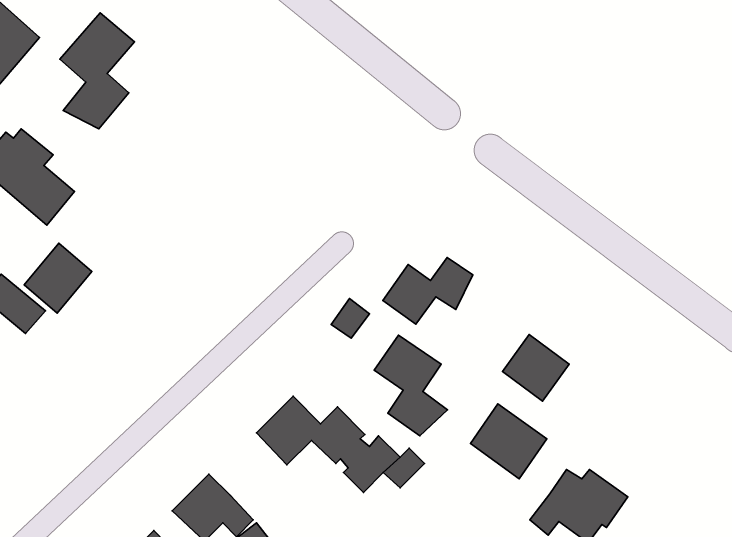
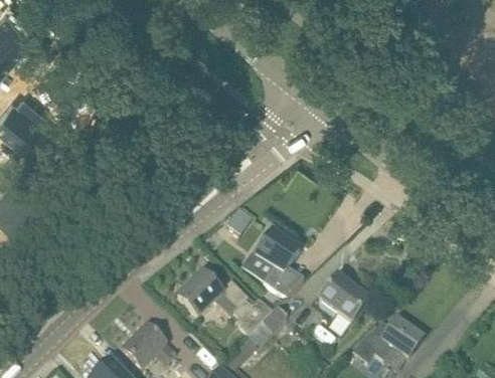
building: [60,13,134,129] -> none
building: [24,243,92,313] -> none
building: [383,258,473,324] -> none
building: [502,334,569,401] -> none

